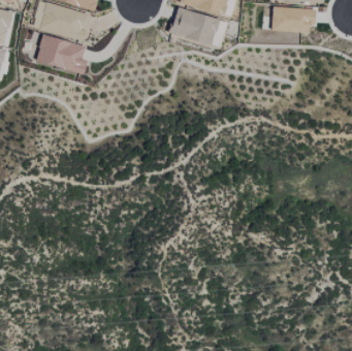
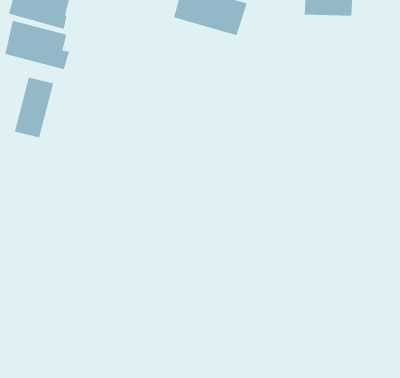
building: none -> [14,77,54,138]

